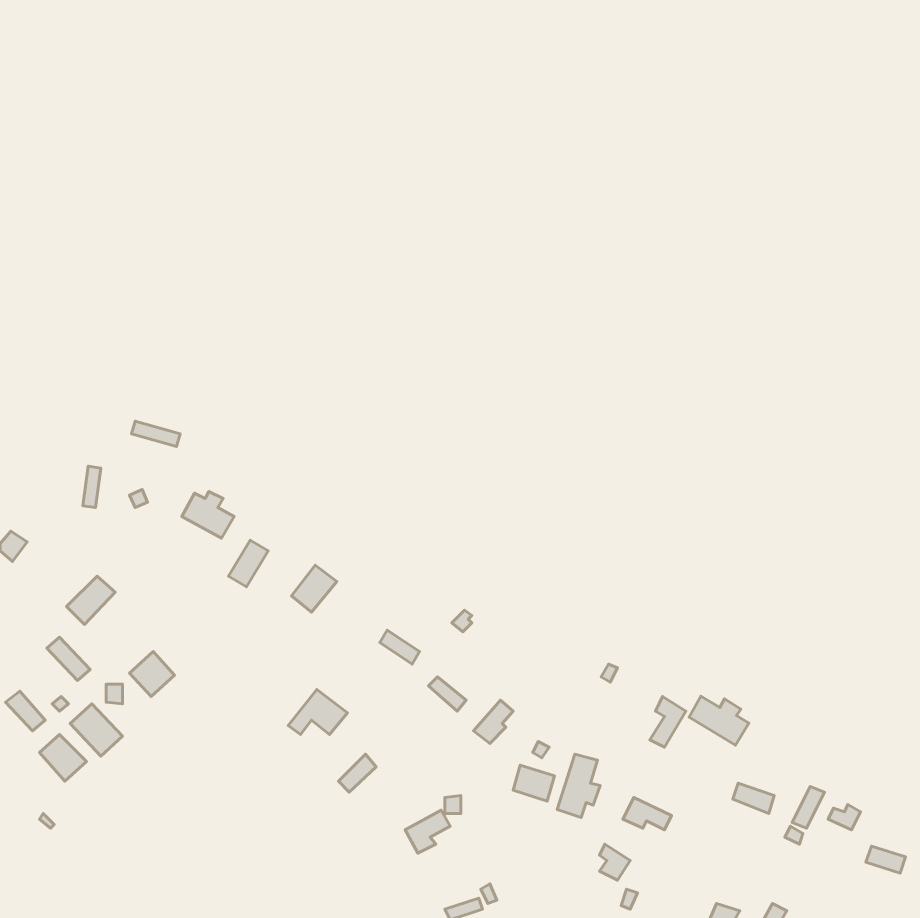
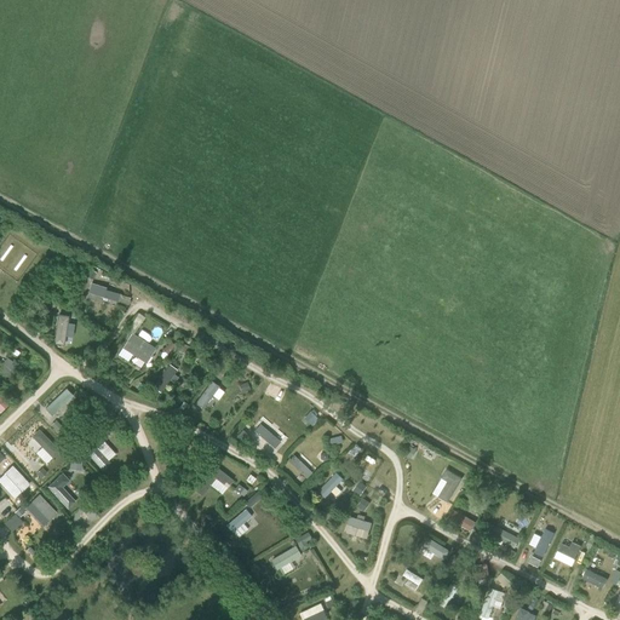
building: [689,696,749,745] -> none
building: [557,754,600,817] -> none

